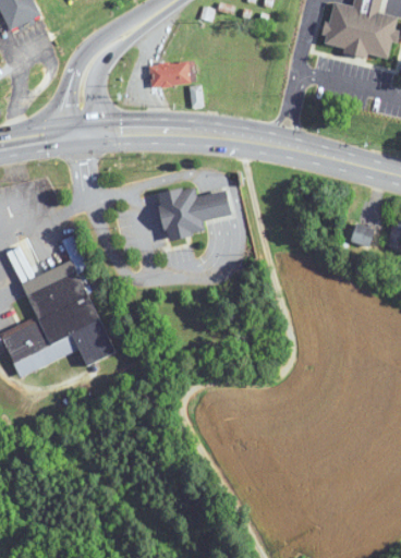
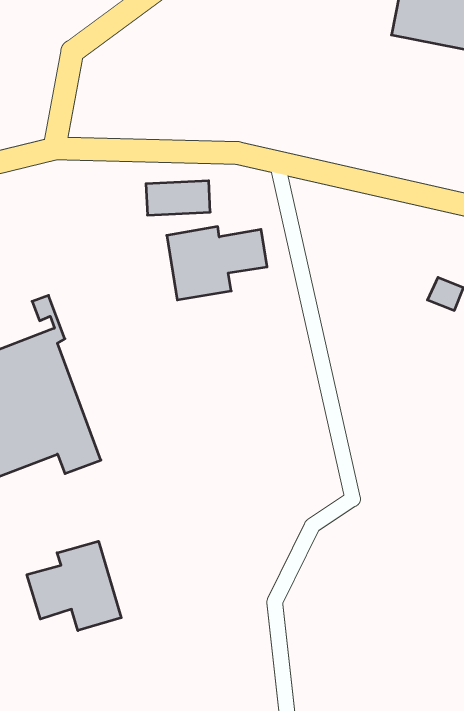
building: [147,61,194,86] -> [146,181,210,215]
building: none -> [27,541,121,631]

